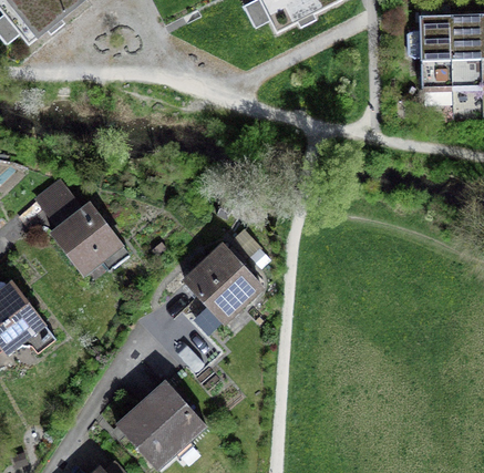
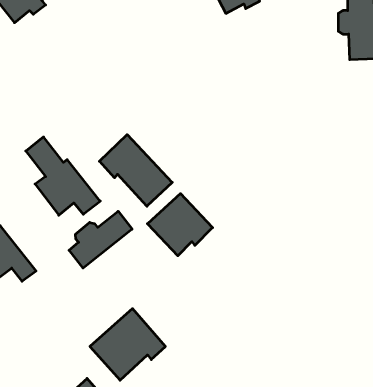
building: none -> [99,135,172,206]
building: none -> [69,211,132,268]

